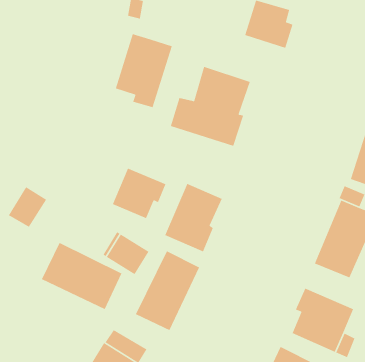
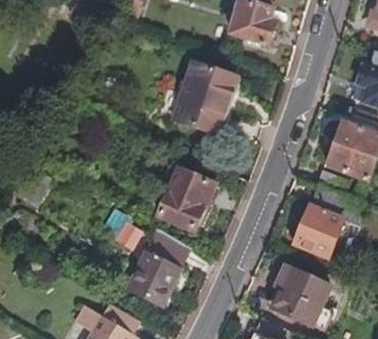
building: [115,33,173,108] -> none
building: [112,167,166,219] -> none
building: [41,242,122,310] -> none

